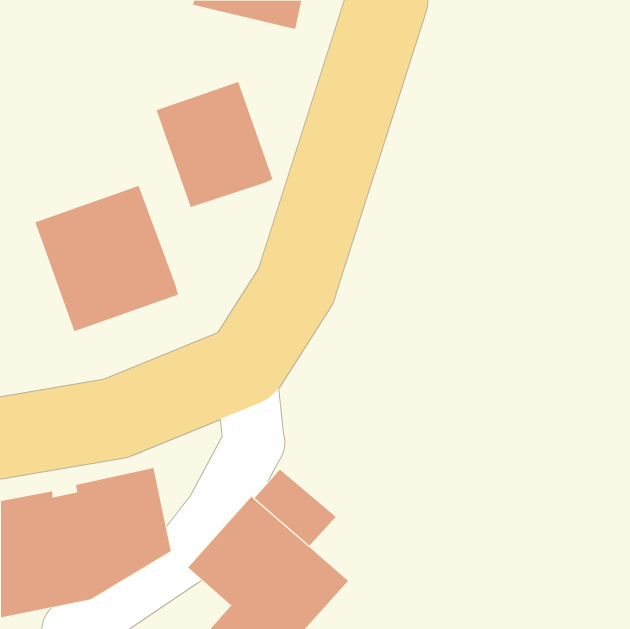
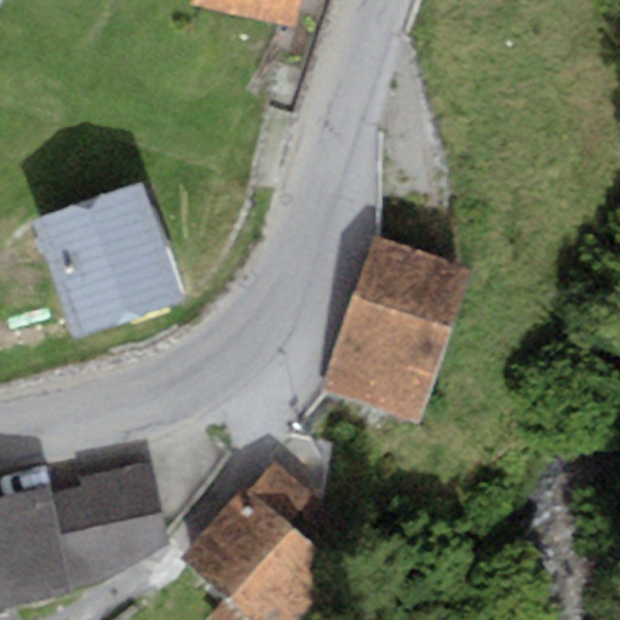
building: [156,81,273,208] -> none
building: none -> [323,239,469,414]

